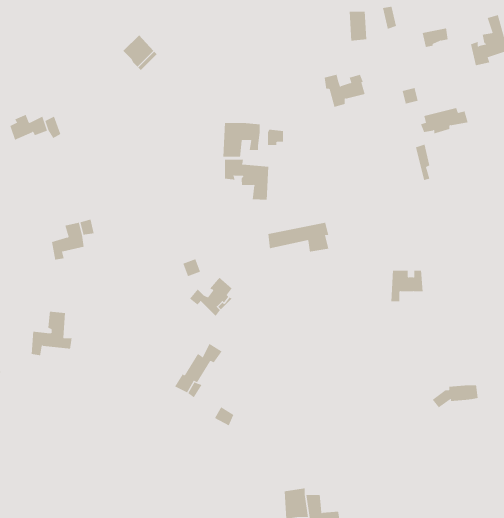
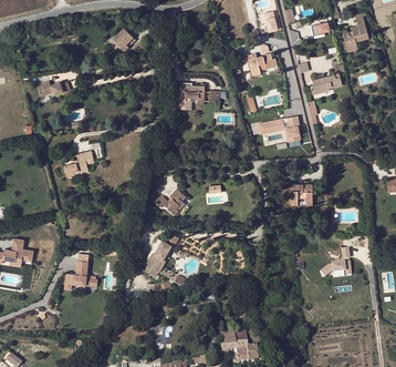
building: [224,159,269,201] -> none
building: [268,222,329,252] -> [259,116,300,136]
building: [31,311,72,356] -> [65,261,93,290]

